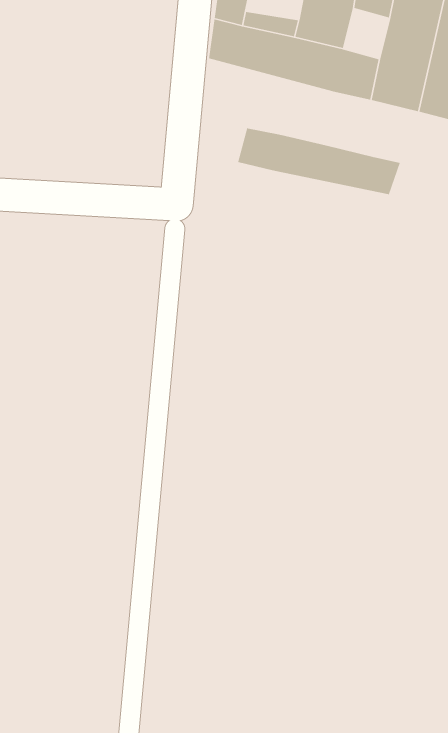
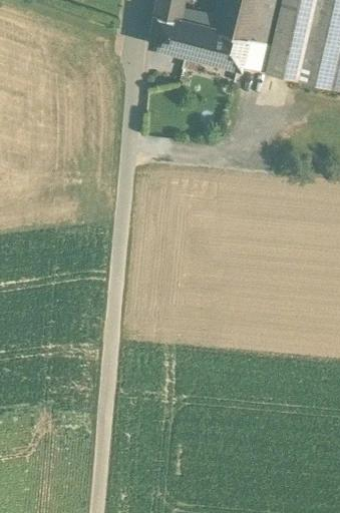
building: none -> [243,6,275,41]
building: [237,127,401,195] -> none

